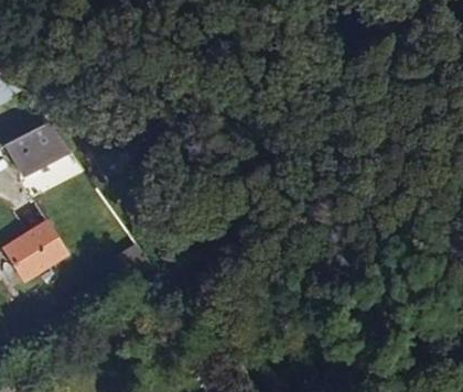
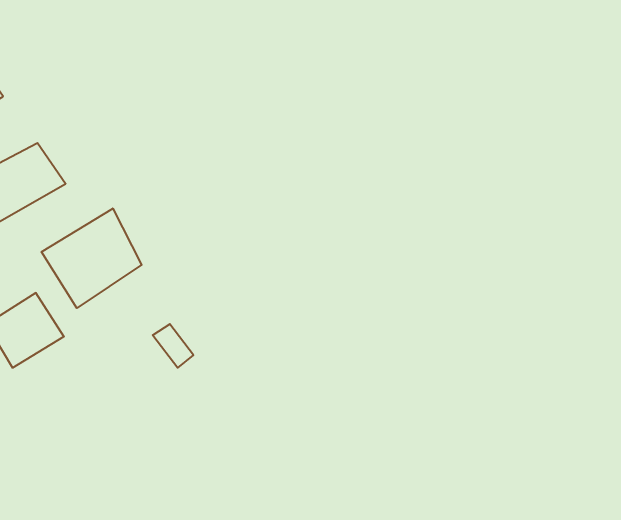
building: none -> [42,208,142,308]

